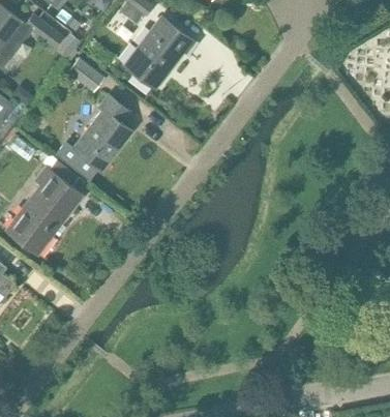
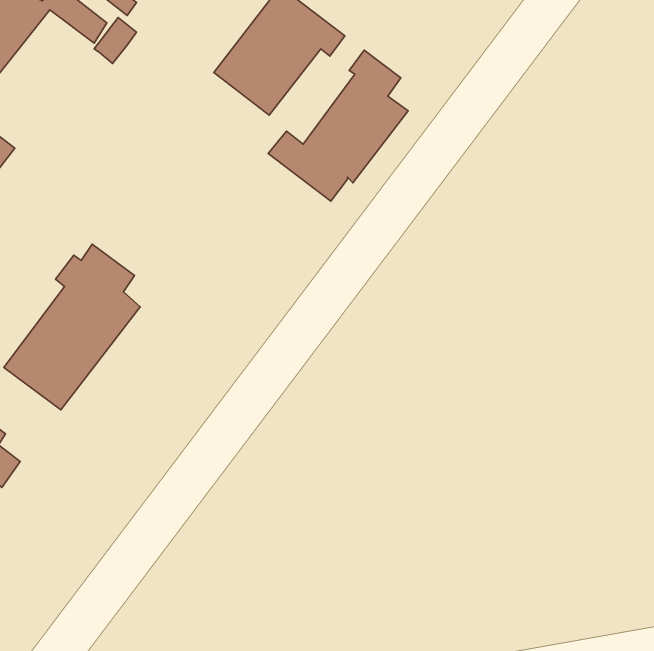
building: [66,58,103,93] -> none
building: [54,96,132,181] -> [268,50,408,201]

